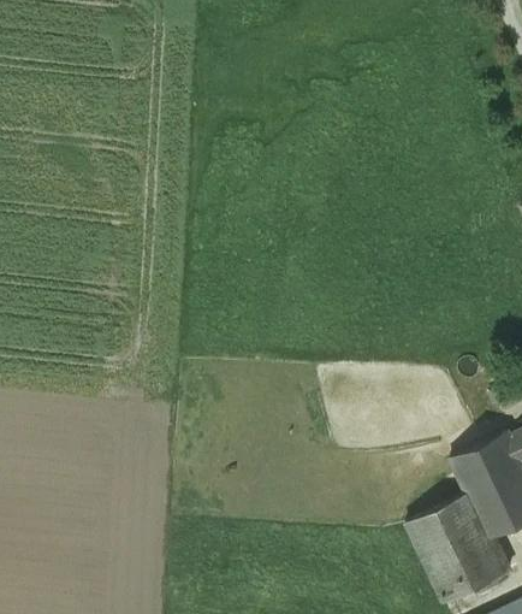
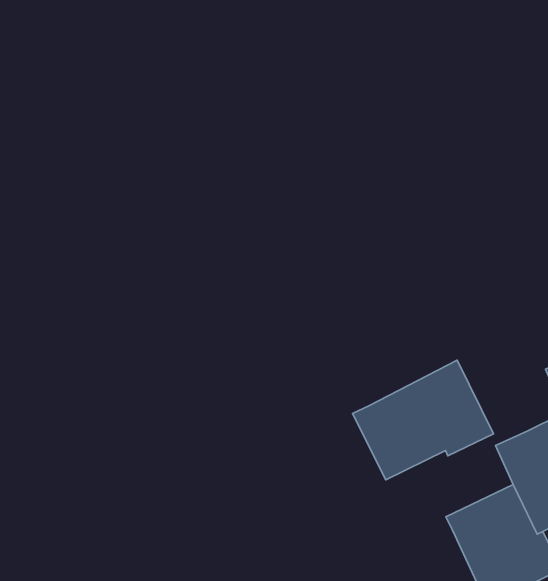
building: none -> [353,360,493,480]

